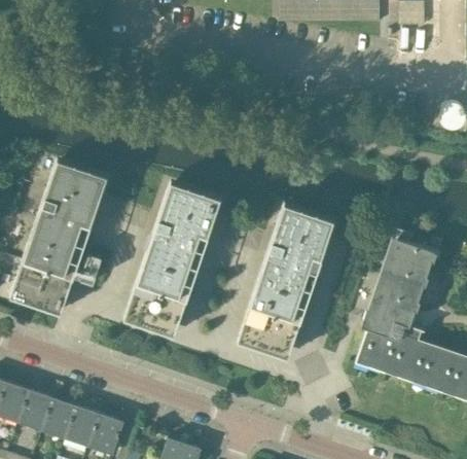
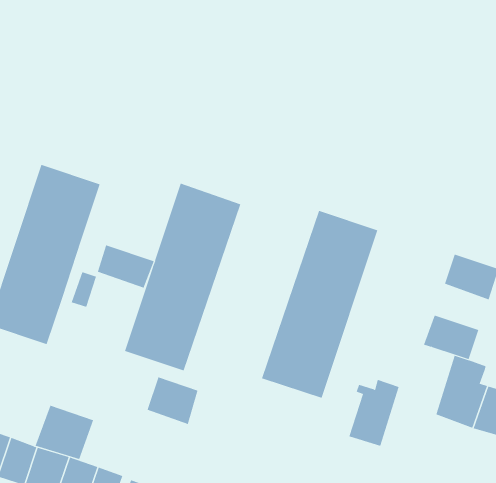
building: none -> [97,245,154,288]
building: [382,262,427,301] -> none
building: [356,315,398,370] -> [348,379,399,447]
building: none -> [147,377,198,425]
building: none -> [35,405,94,460]

